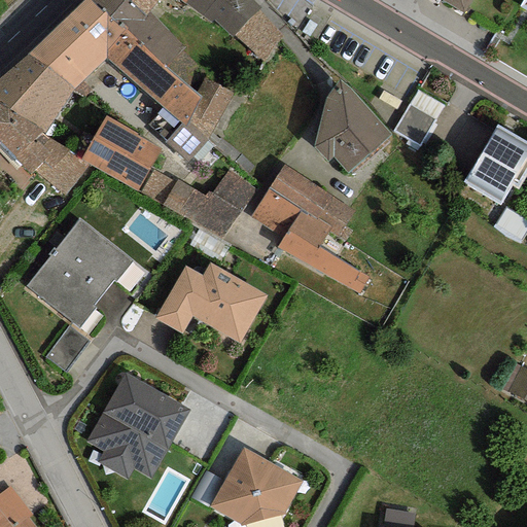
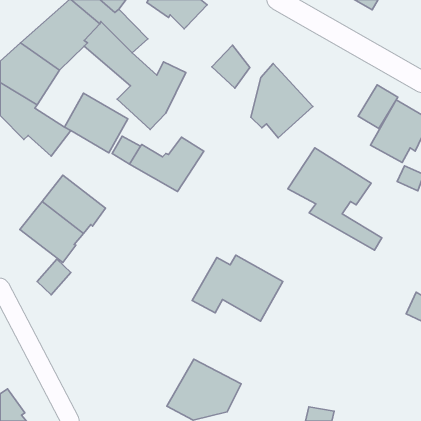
building: [234,6,281,60] -> [212,45,250,88]
building: [394,90,444,144] -> [358,85,398,129]
building: [250,165,367,292] -> [288,148,382,250]
building: [154,261,268,344] -> [192,255,283,321]
building: [85,372,190,480] -> none

